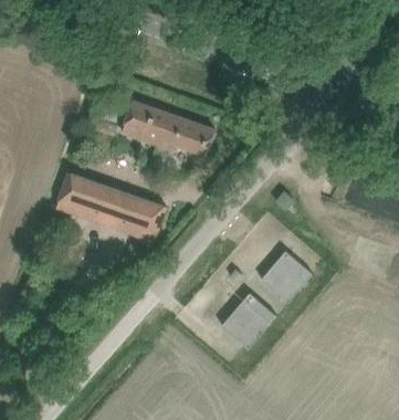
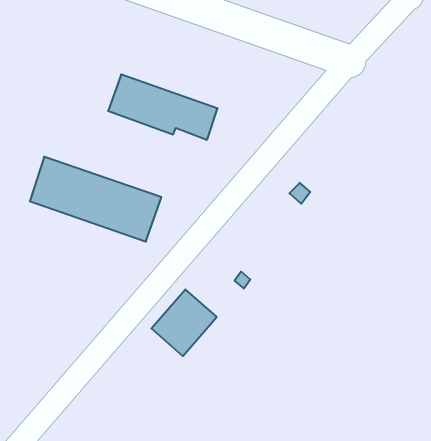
building: [260,252,312,304] -> none
building: [220,294,275,350] -> [151,289,217,356]

